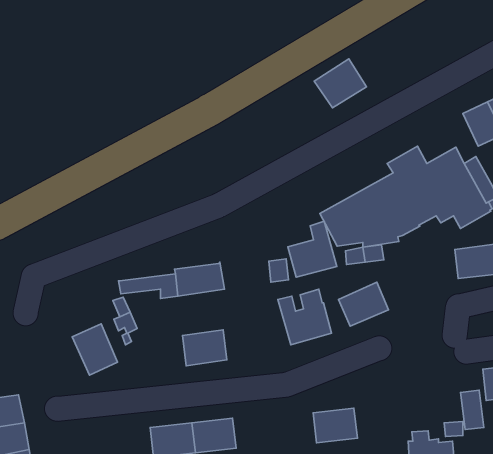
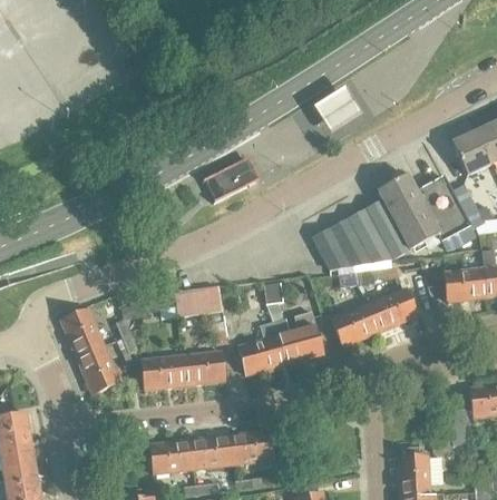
building: none -> [203,156,260,203]
building: [288,221,337,277] -> [238,321,285,374]
building: none -> [368,290,416,331]
building: none -> [60,308,104,356]
building: none -> [140,355,185,389]
building: [313,408,357,443] -> [230,430,272,463]

